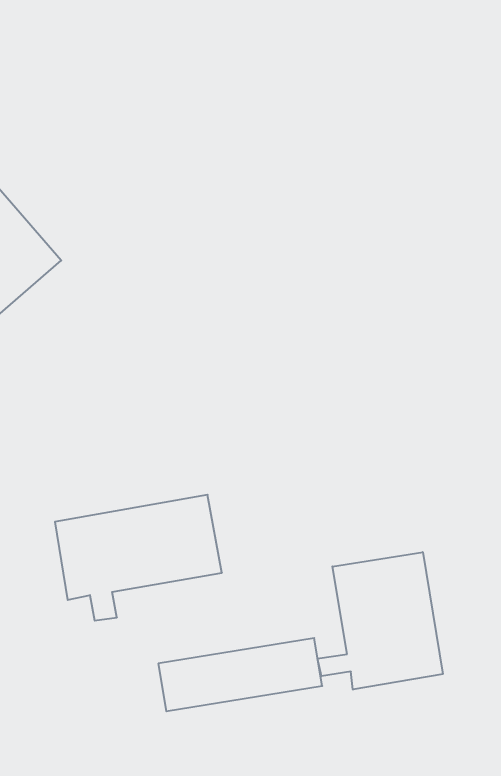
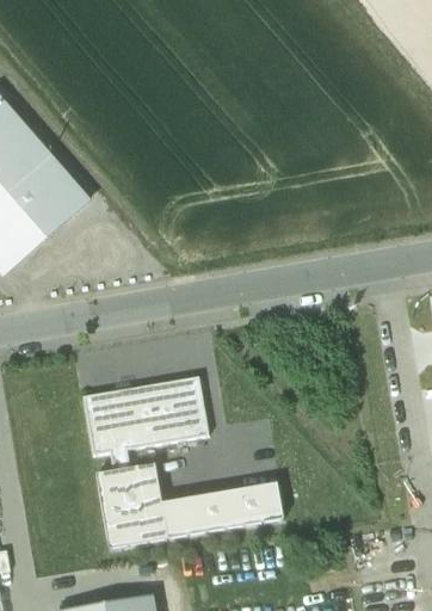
building: [318,552,443,690] -> none
building: none -> [97,462,167,547]

